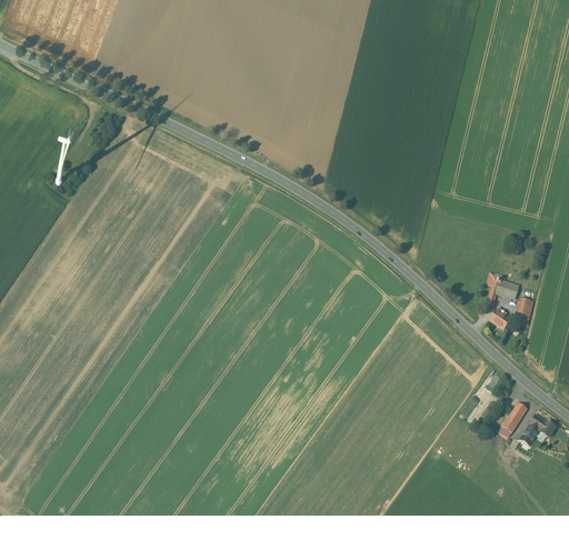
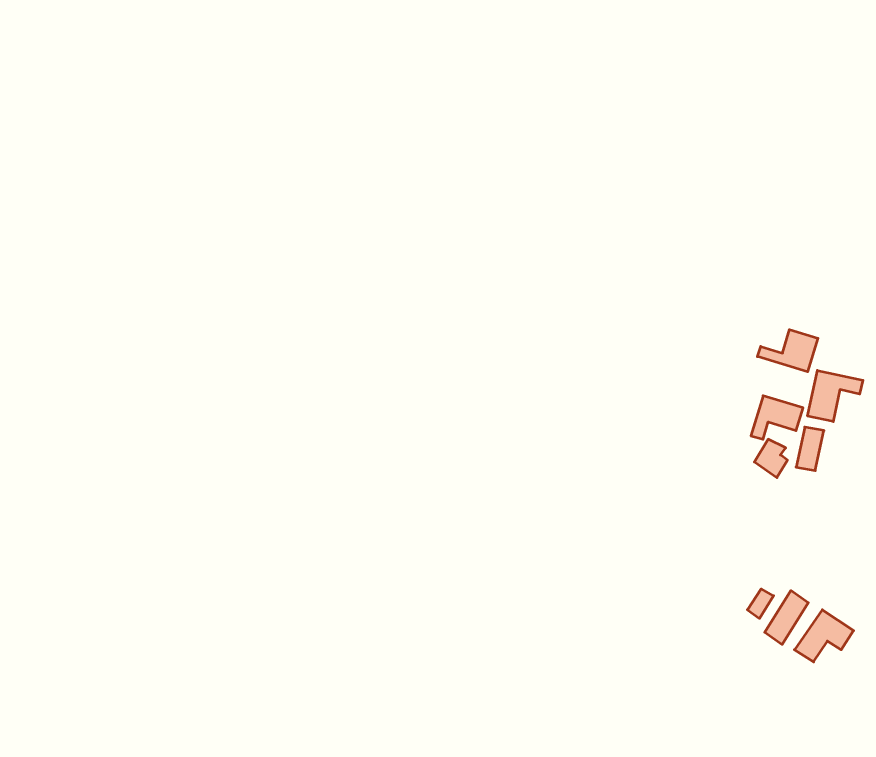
building: none -> [757,330,818,372]
building: none -> [808,370,863,422]

